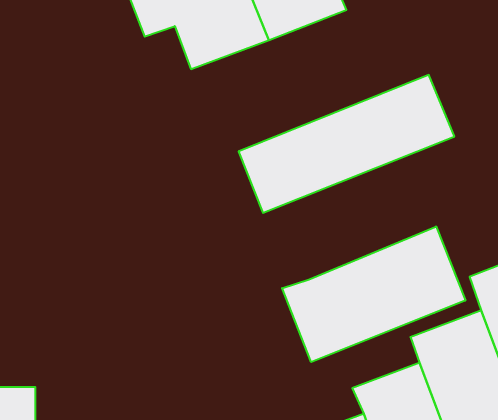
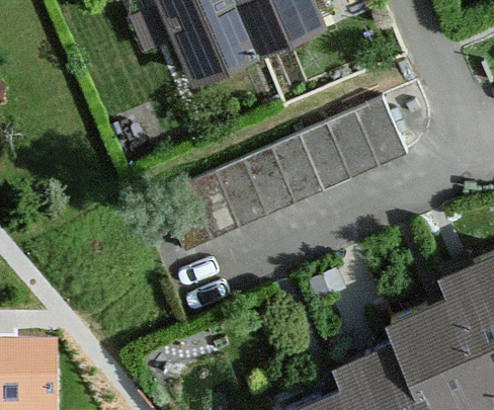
building: [282,226,465,362] -> none

